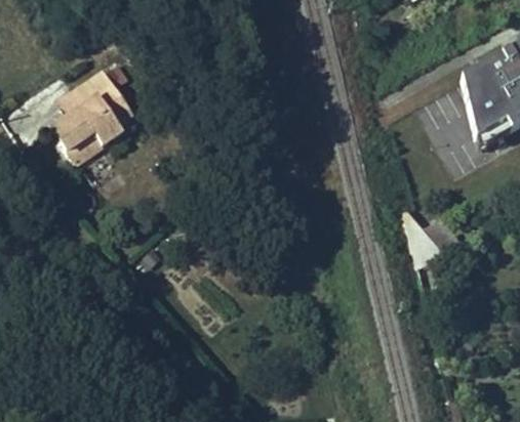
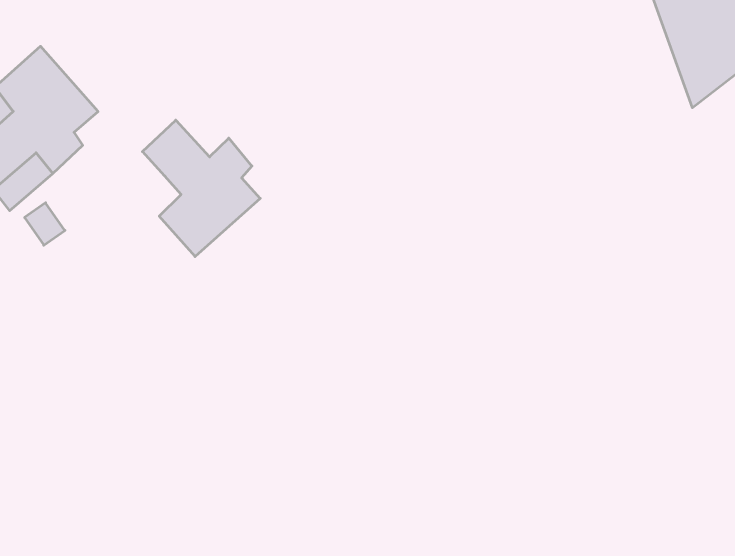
building: none -> [142,120,260,257]

